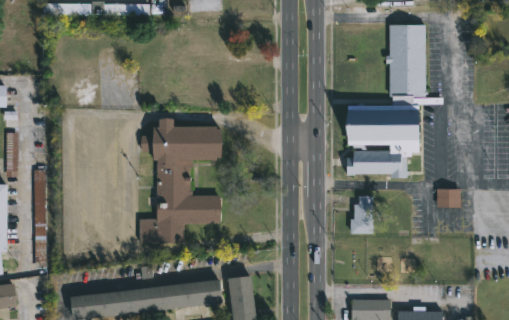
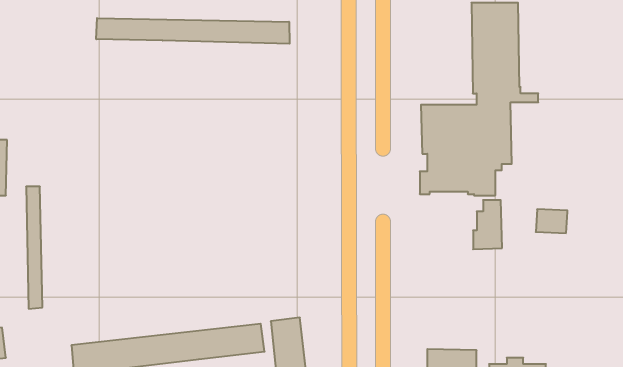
building: none -> [96,18,290,44]
building: [140,118,223,243] -> none
building: [353,195,376,234] -> [473,200,502,249]

